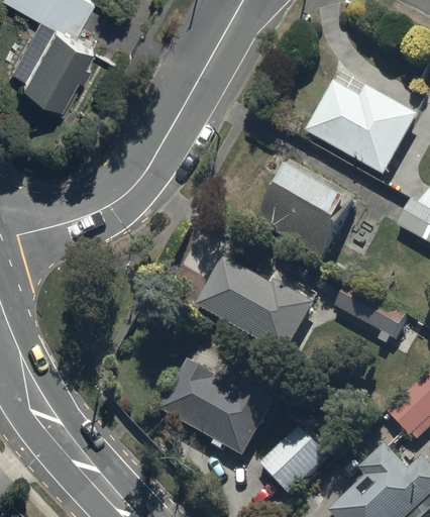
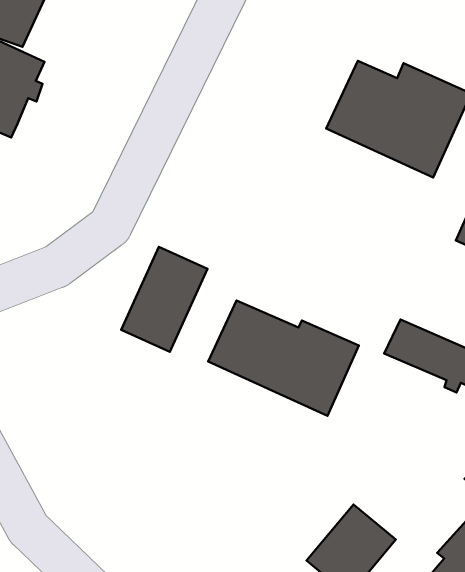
building: [253,159,347,256] -> none
building: none -> [121,247,207,352]
building: [158,357,276,452] -> none

